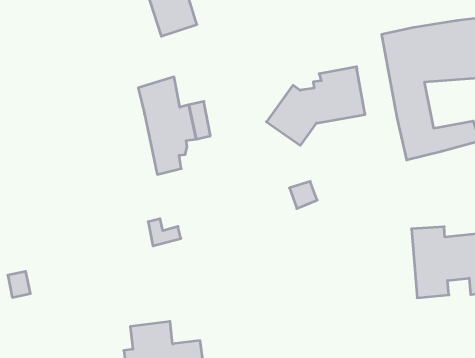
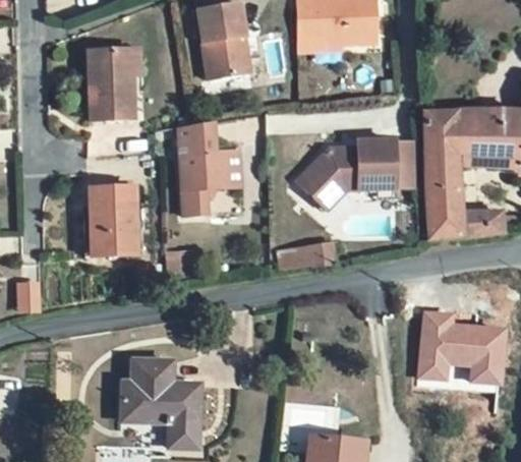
building: none -> [88,49,133,120]
building: none -> [394,140,414,186]
building: none -> [89,184,135,255]

